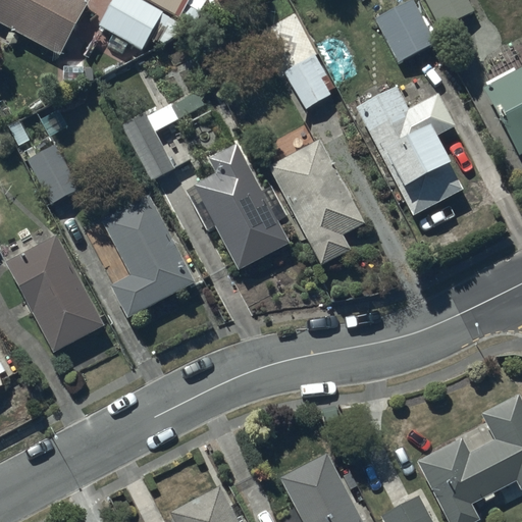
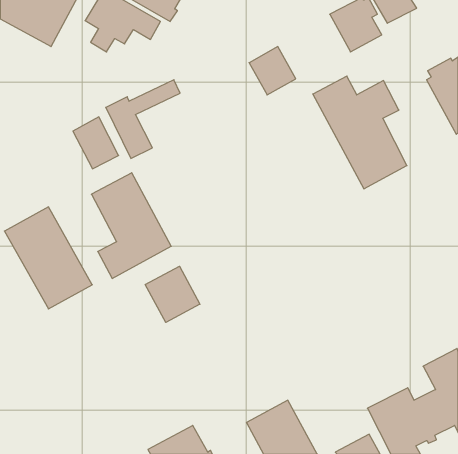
building: [268,139,365,264] -> none
building: [28,144,80,203] -> [73,117,119,169]
building: [187,145,289,269] -> none
building: none -> [145,266,200,322]

